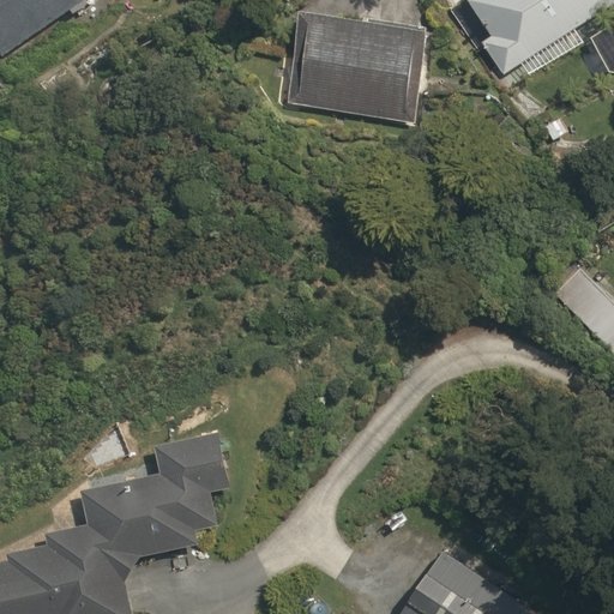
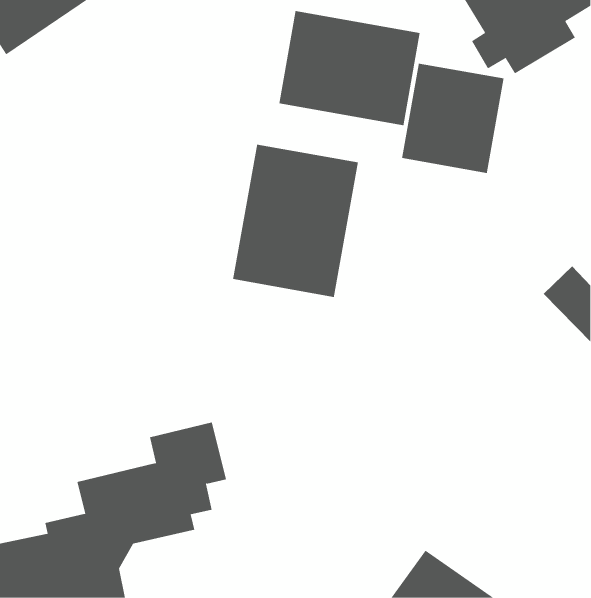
building: none -> [401,63,504,174]
building: none -> [233,144,358,298]

